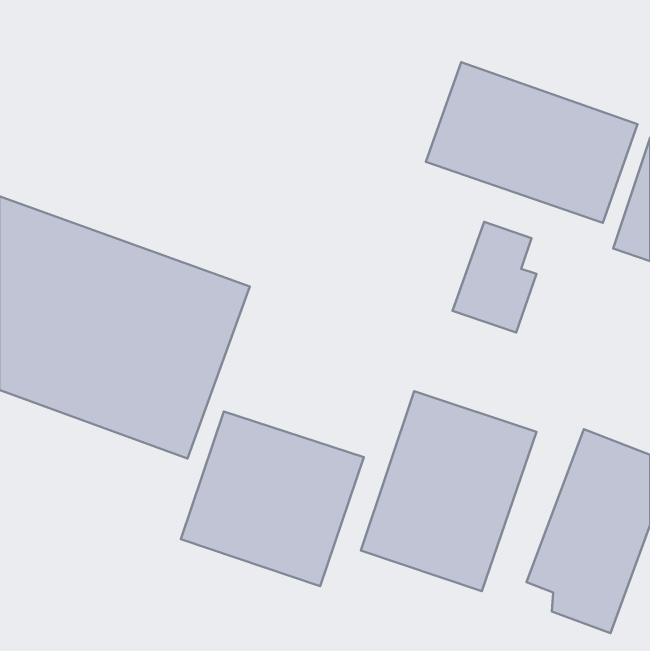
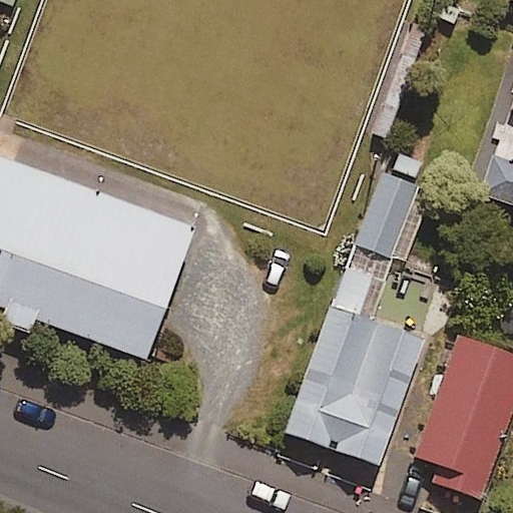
building: [426,62,637,223] -> none
building: [181,411,364,586] -> none

